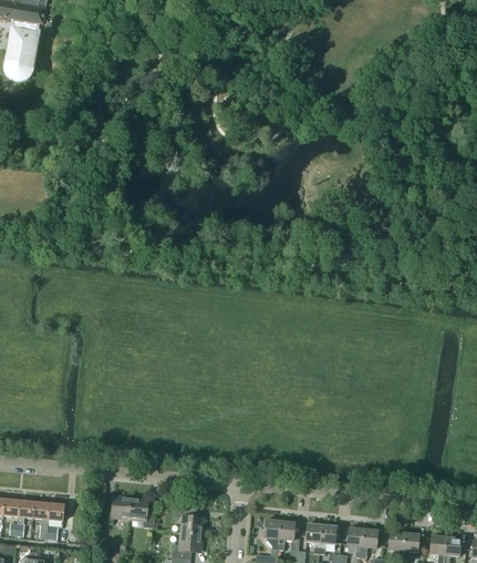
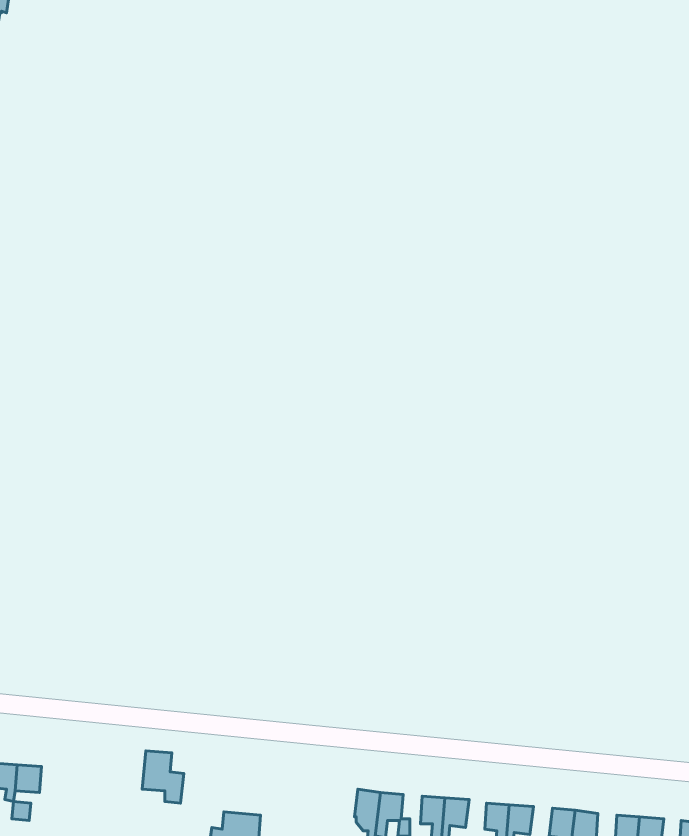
building: [104,493,131,523] -> none
building: [175,508,205,535] -> none

